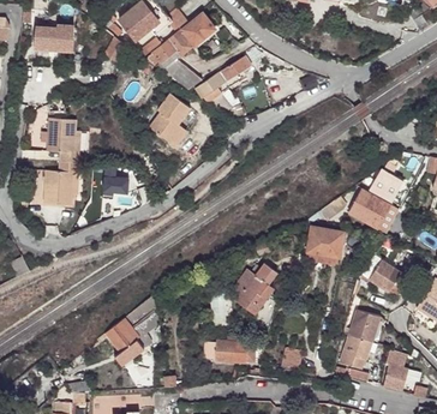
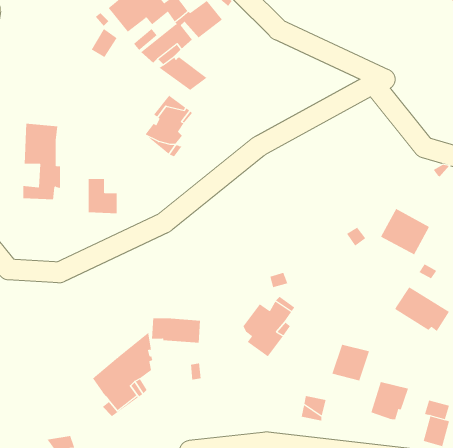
building: [35,25,73,49] -> none
building: [192,55,251,118] -> none
building: [369,162,403,203] -> none
building: [44,181,72,206] -> none
building: [306,227,343,265] -> none
building: [348,311,381,342] -> [332,344,370,381]
building: [204,342,246,364] -> [151,318,201,343]

